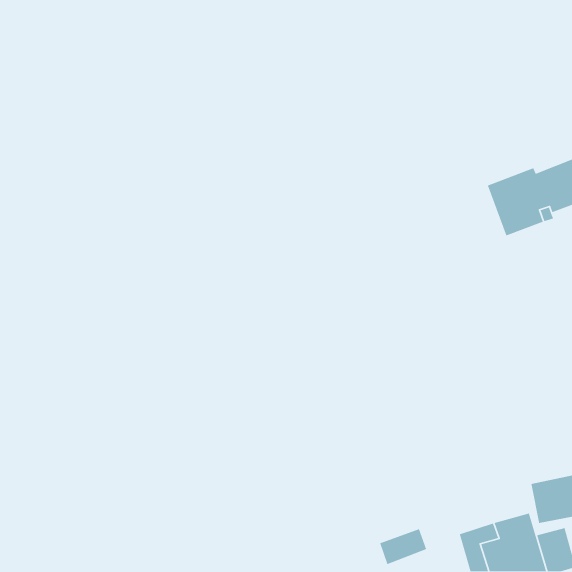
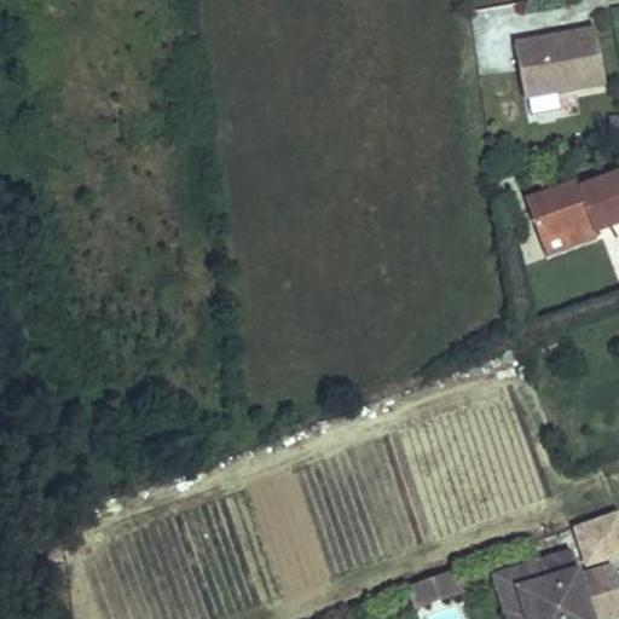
building: none -> [515,28,606,97]

